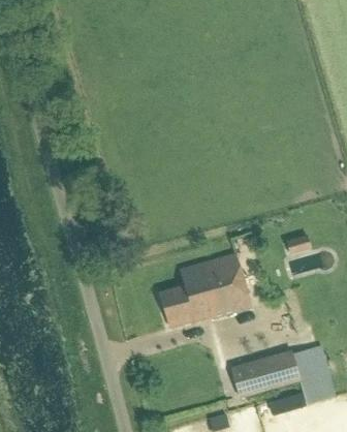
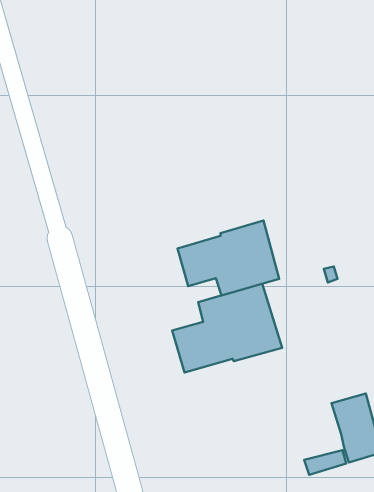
building: none -> [178,221,279,295]
building: [231,348,302,397] -> none

